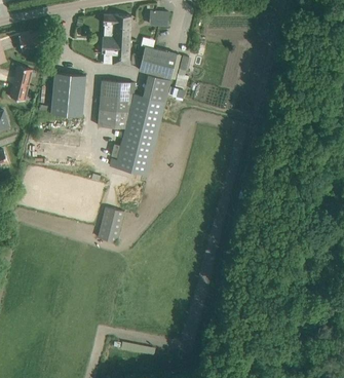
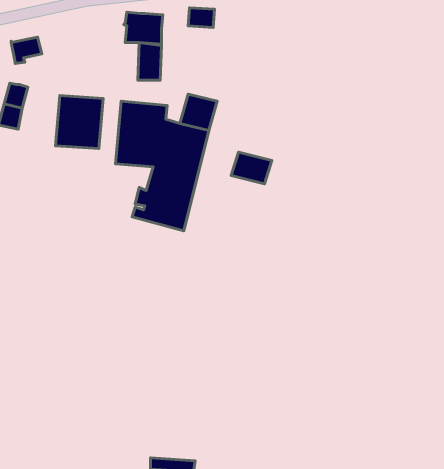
building: [139,45,180,78] -> none
building: none -> [231,152,272,184]
building: [97,206,124,242] -> none

